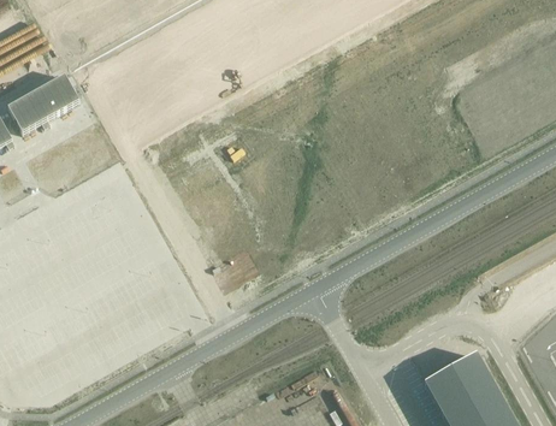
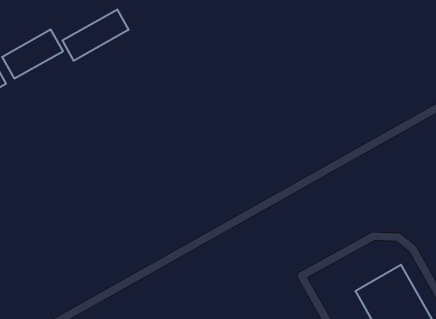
building: none -> [62,9,129,61]

